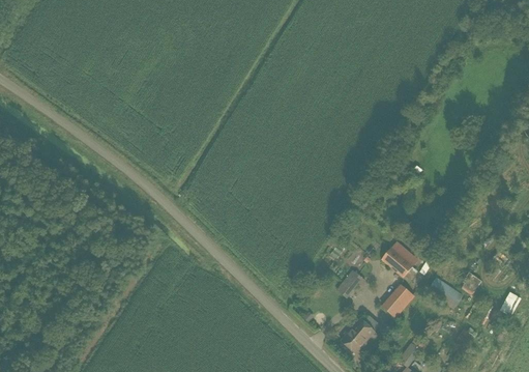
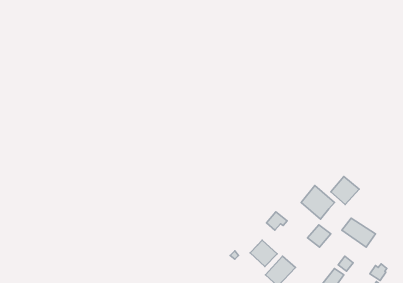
building: none -> [331,177,359,205]
building: none -> [250,240,277,267]

